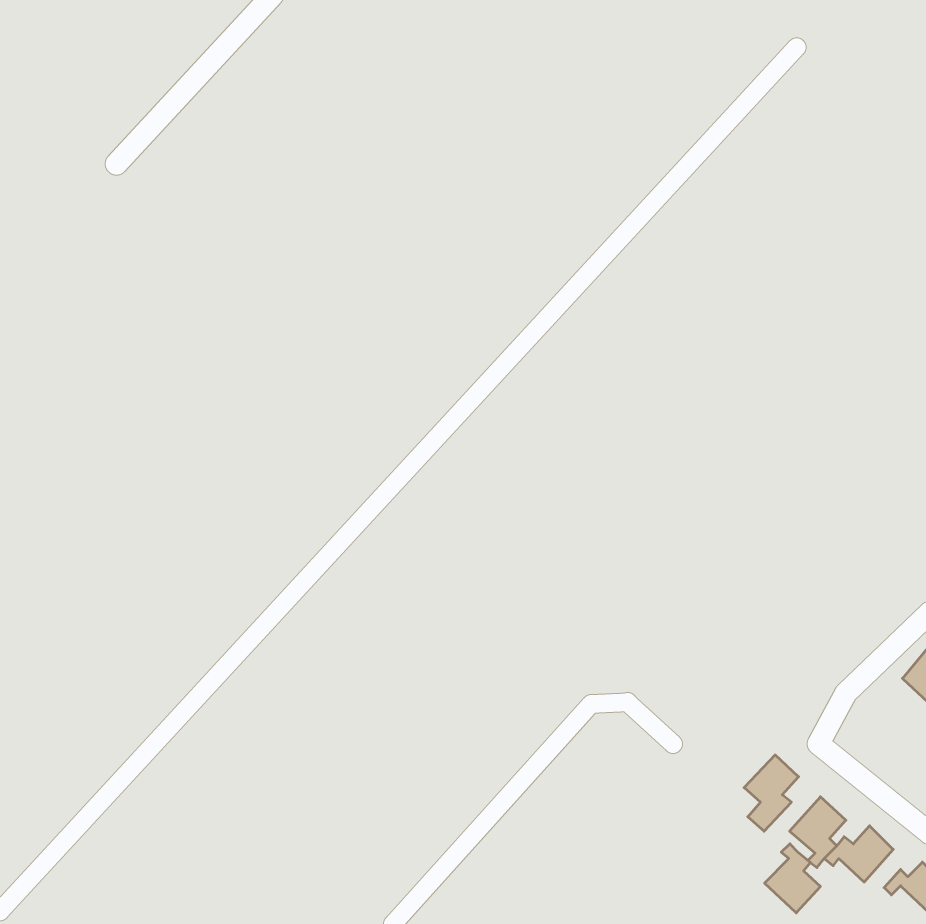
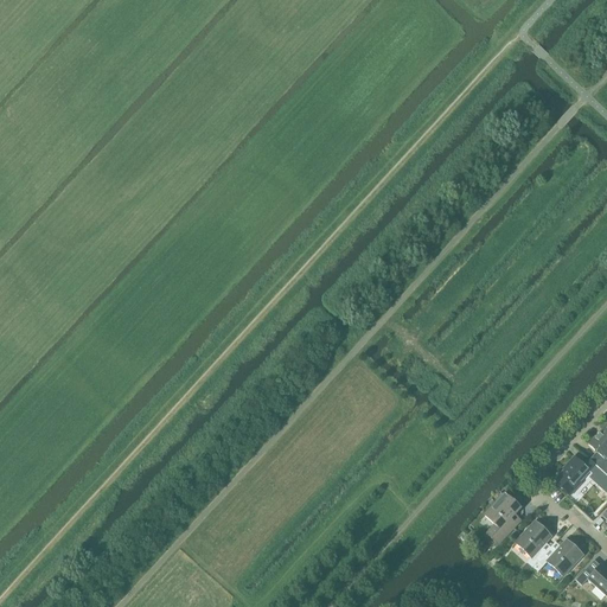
building: none -> [557,456,601,491]
building: [765,844,820,913] -> none

